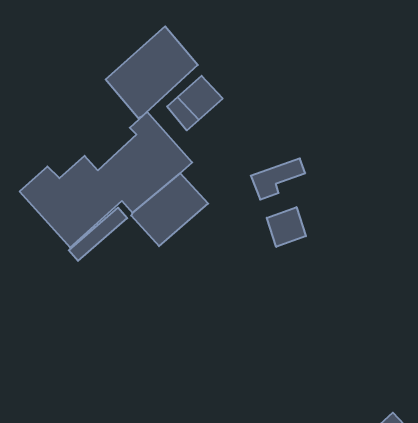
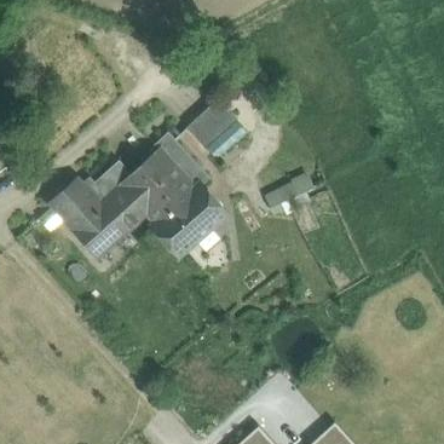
building: [106,26,198,118] -> none
building: [267,207,306,247] -> none

